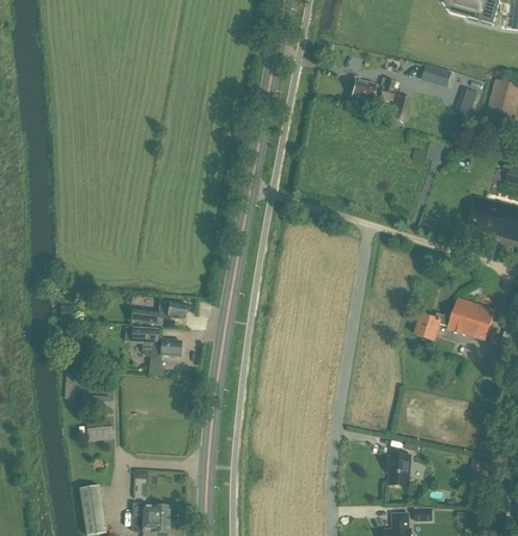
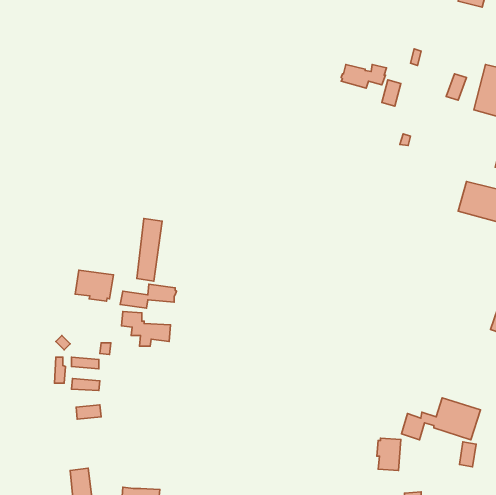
building: none -> [137,219,162,281]
building: none -> [75,270,113,301]
building: [416,297,495,339] -> [402,398,480,440]

